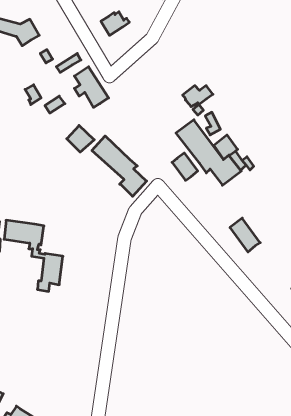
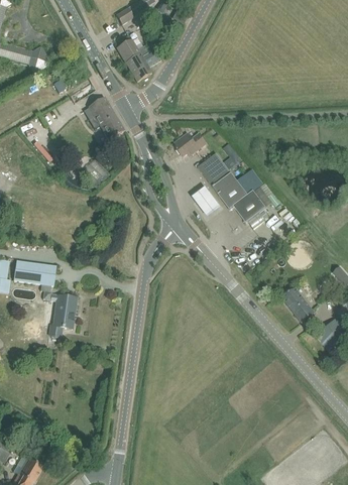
building: none -> [125,49,159,82]
building: [183,86,213,107] -> [172,134,205,156]
building: [92,136,147,196] -> none
building: [230,218,260,252] -> [281,287,314,324]

